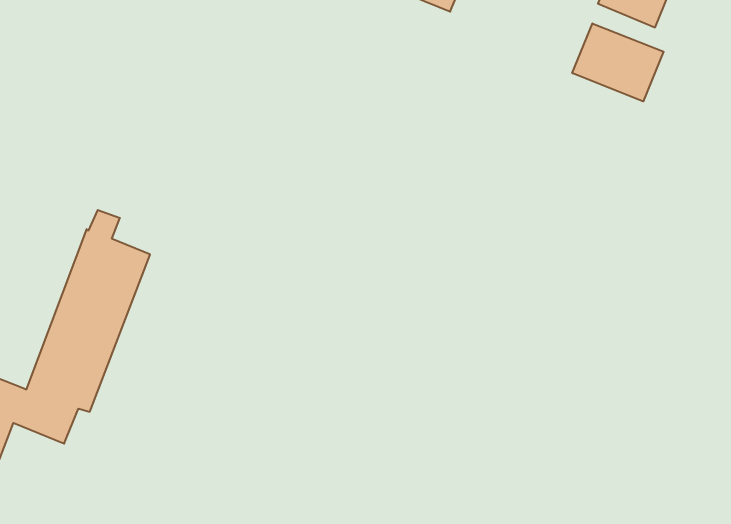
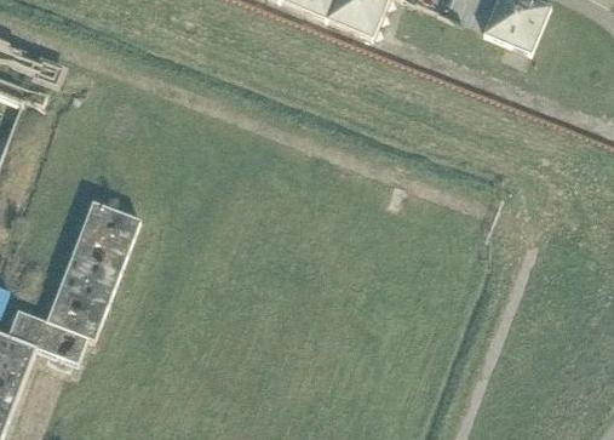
building: [572,23,664,101] -> none

